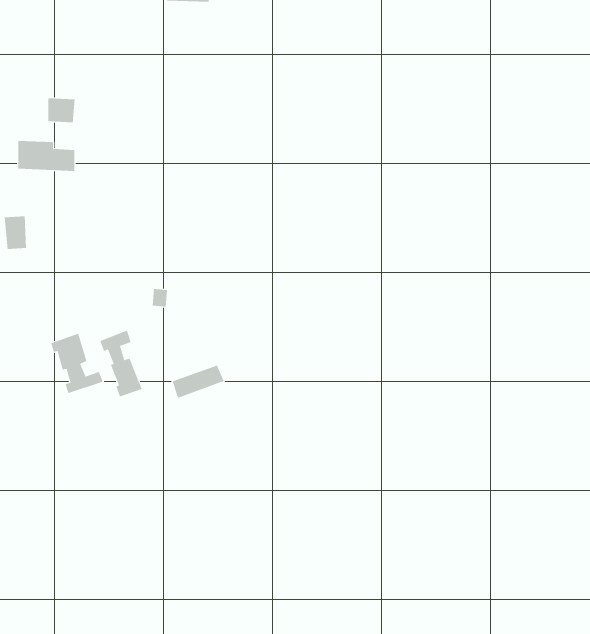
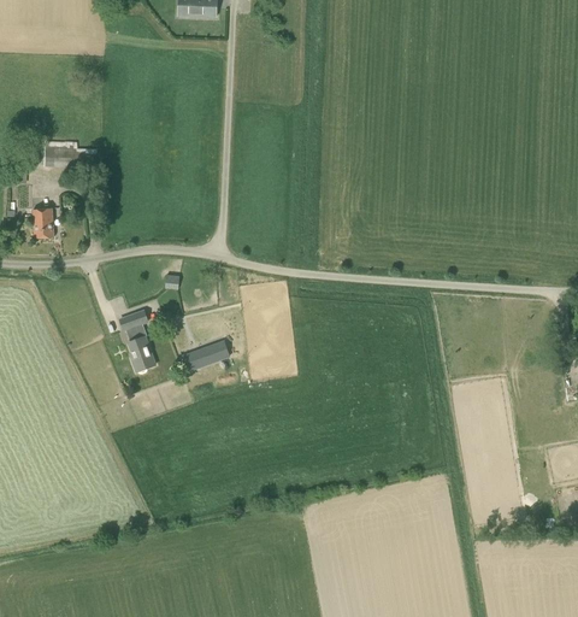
building: [48,98,75,123] -> none
building: [50,333,103,394] -> none

